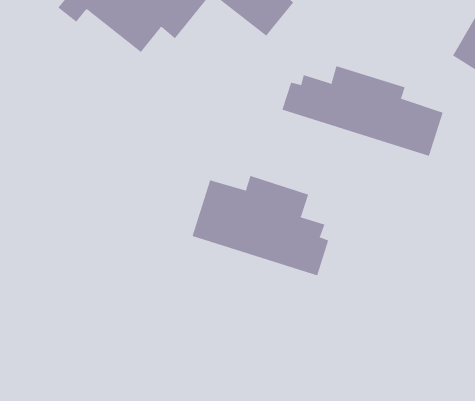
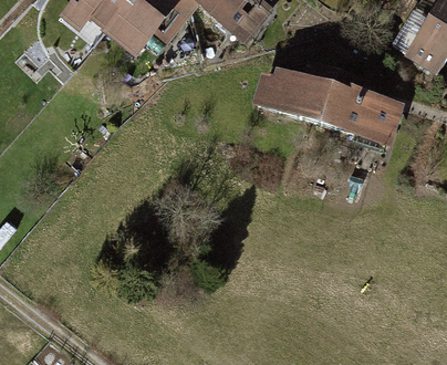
building: [192,175,329,276] -> none

